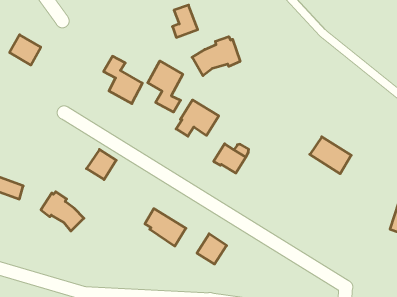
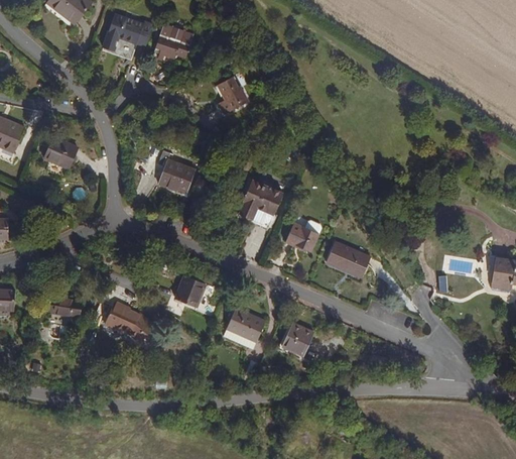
building: [192,37,240,76] -> none
building: [148,61,183,112] -> none
building: [310,137,351,174] -> [326,241,371,278]
building: [86,149,116,180] -> [174,275,206,308]

